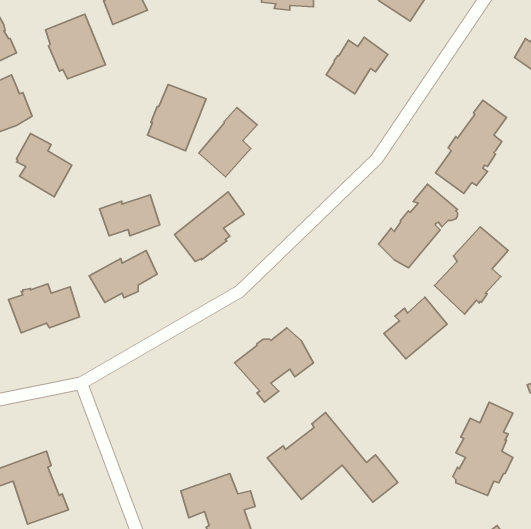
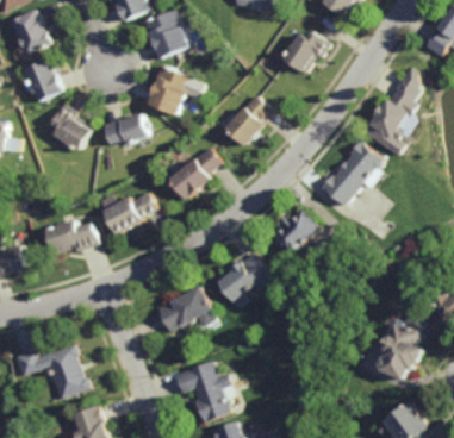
building: [45,14,105,79] -> [144,10,189,58]
building: [199,107,257,177] -> [225,95,269,148]
building: [100,195,160,236] -> [104,114,149,145]
building: [435,227,508,314] -> none
building: [384,297,447,359] -> [272,208,319,255]
building: none -> [157,283,214,330]
building: [267,412,398,502] -> none

